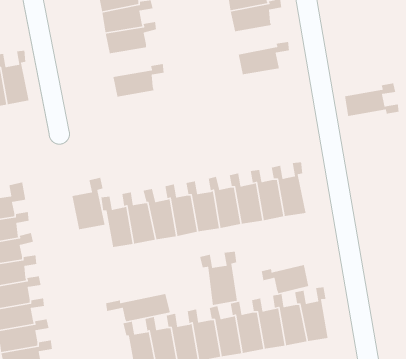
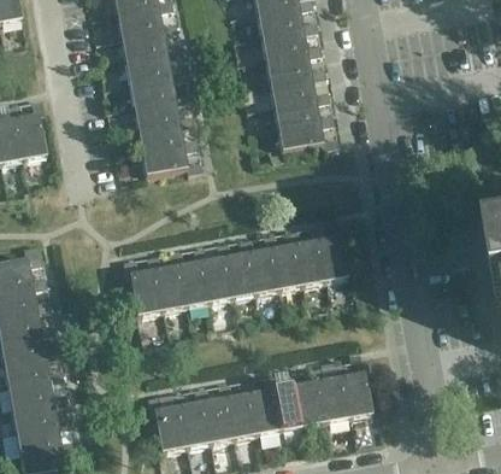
building: none -> [269,64,325,103]
building: none -> [132,89,189,127]
building: [344,82,400,117] -> [277,111,337,148]
building: none -> [141,135,201,174]
building: [72,177,105,230] -> none
building: [199,251,238,306] -> none
building: [261,264,309,294] -> none
building: [105,293,171,322] -> none

